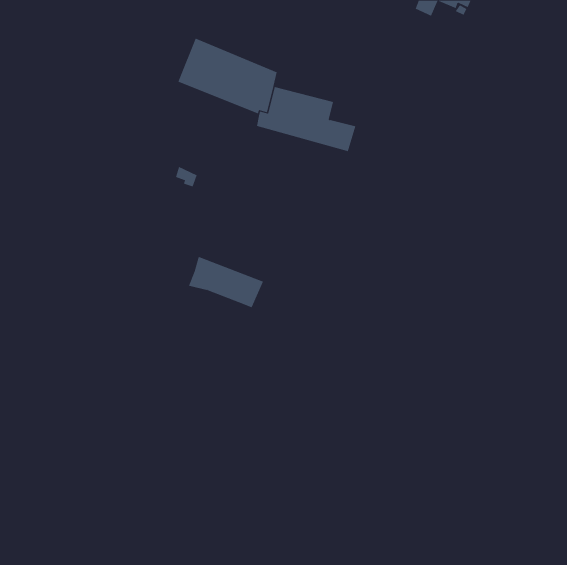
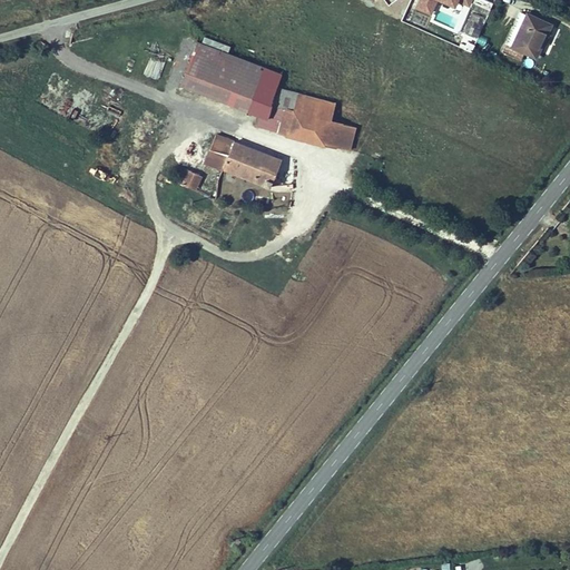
building: none -> [512,14,554,60]
building: [188,256,264,308] -> [205,135,281,187]

